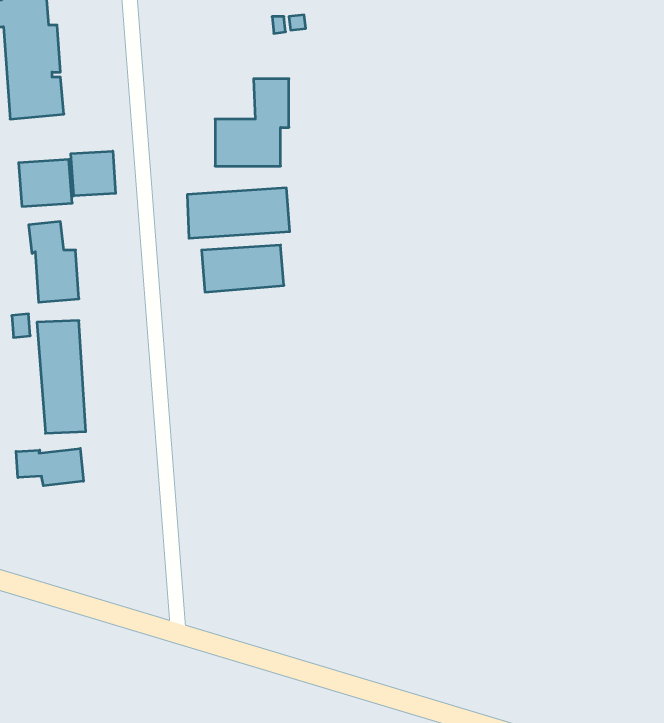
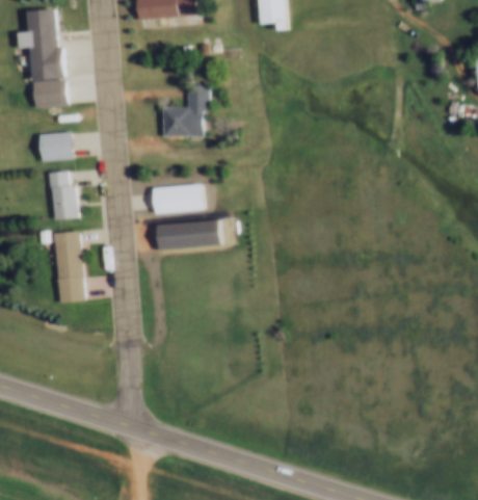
building: [71,151,116,196] -> none
building: [187,188,290,238] -> [157,218,220,249]
building: [16,448,83,486] -> none

